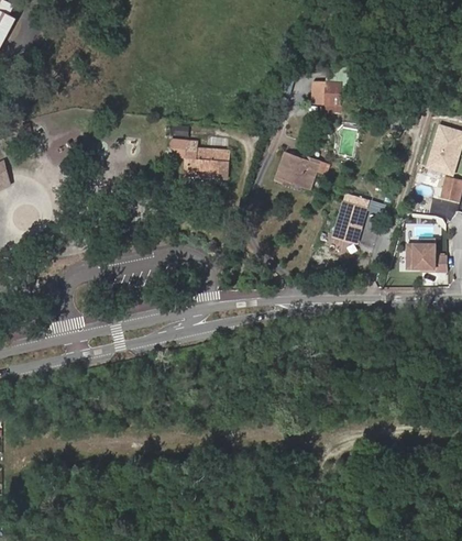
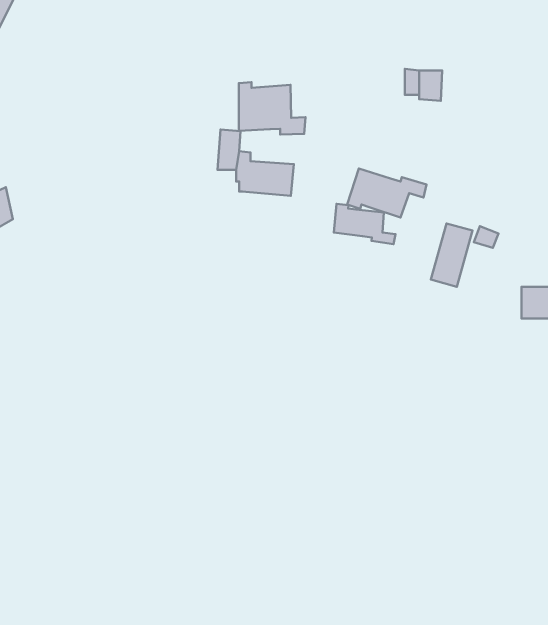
building: none -> [239,82,305,135]
building: none -> [334,204,395,244]

